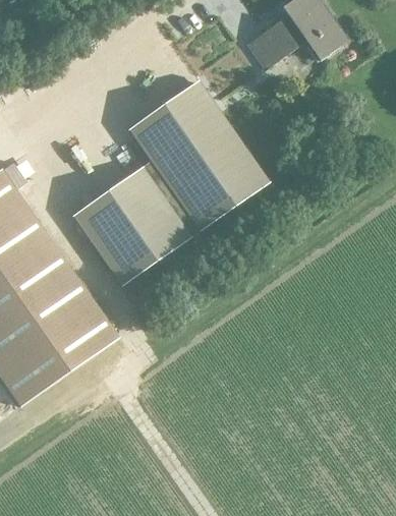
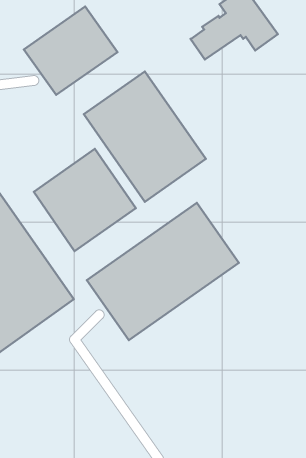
building: none -> [24,7,117,95]
building: none -> [87,203,239,340]

